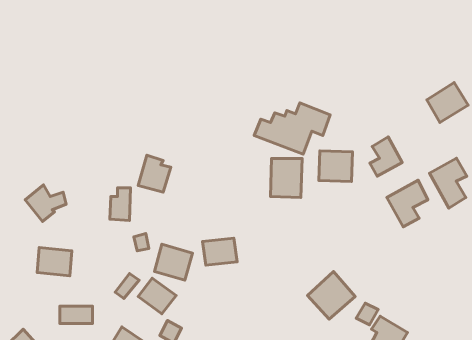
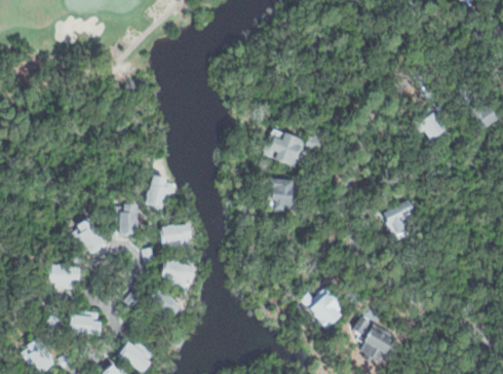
building: [370,137,402,176] -> none
building: [319,151,352,181] -> none
building: [430,158,467,208] -> none
building: [25,185,66,222] -> [76,219,115,254]
building: [202,238,237,265] -> [158,224,191,250]

